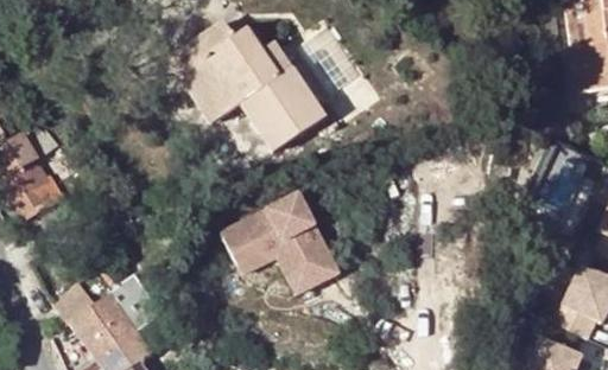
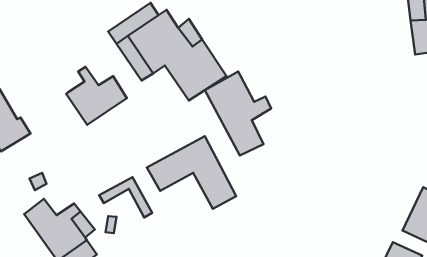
building: none -> [66,67,127,125]
building: none -> [205,72,271,155]
building: [238,244,308,298] -> [99,177,152,217]

